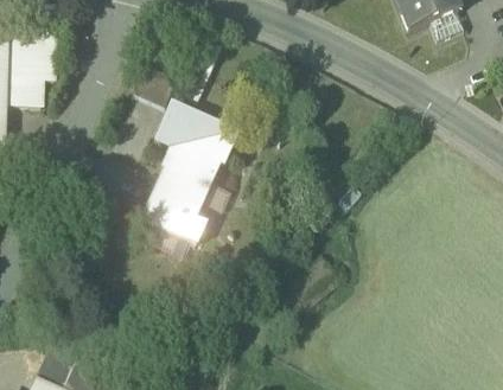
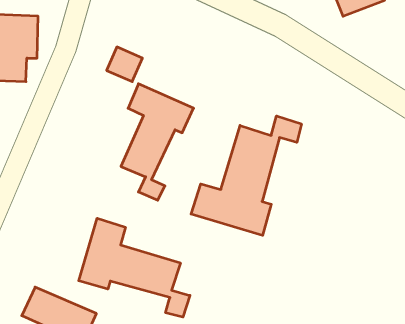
building: none -> [191,116,301,235]
building: none -> [79,218,190,317]

